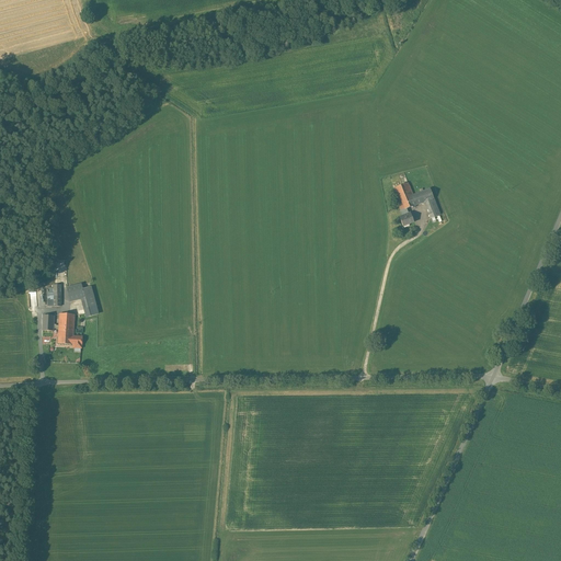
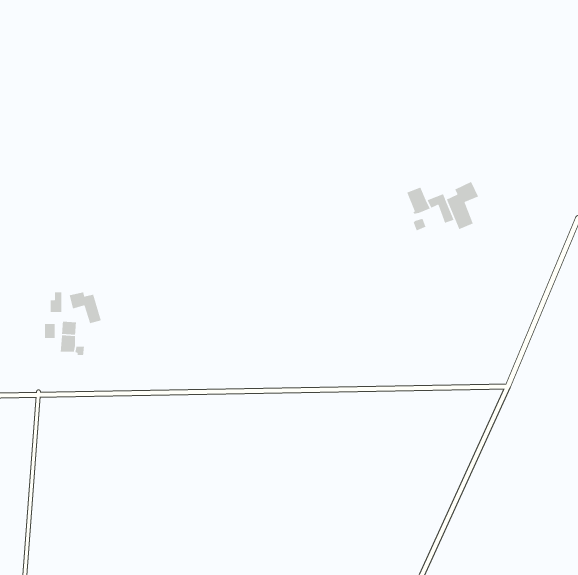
building: none -> [446,181,479,230]

